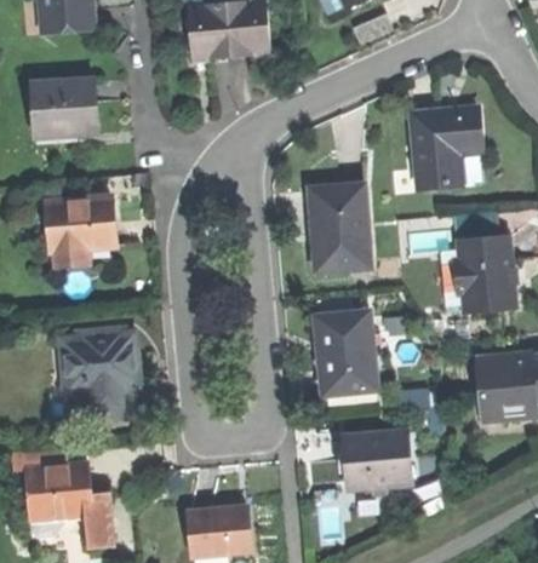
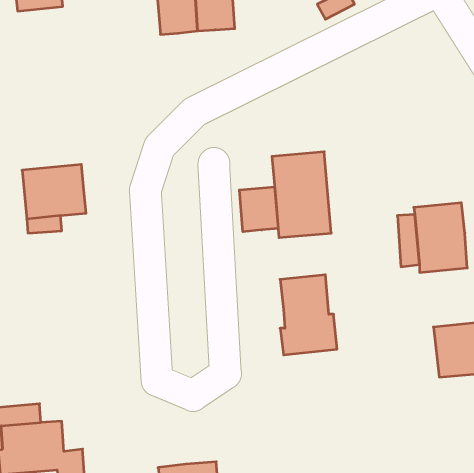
building: [32,77,98,137] -> none
building: [411,108,480,186] -> none
building: none -> [239,187,278,232]
building: [63,331,137,419] -> none
building: [344,430,411,488] -> none

